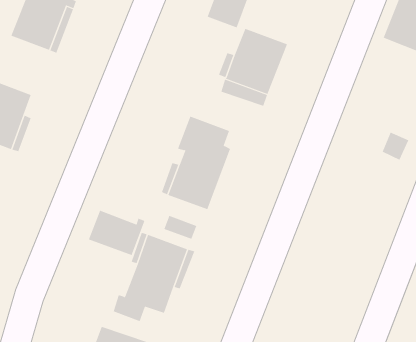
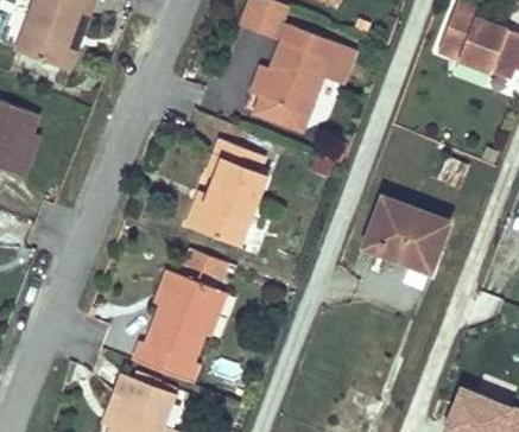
building: none -> [362,198,448,272]
building: [88,210,145,256] -> none

